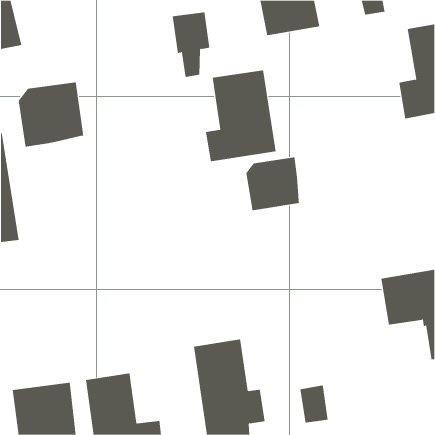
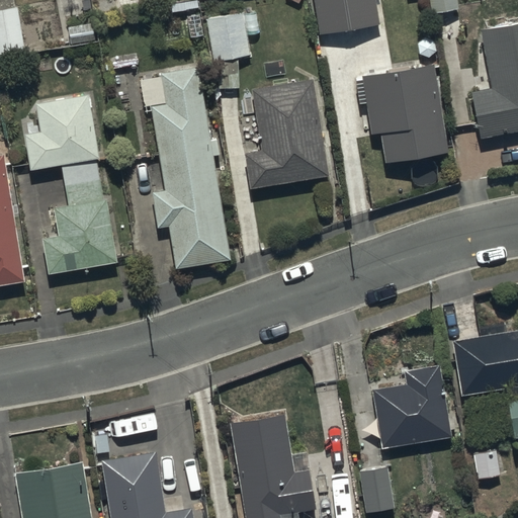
building: none -> [355,65,448,165]
building: none -> [140,71,229,270]
building: none -> [46,162,115,274]
building: [246,157,300,211] -> none
building: none -> [372,357,450,438]

